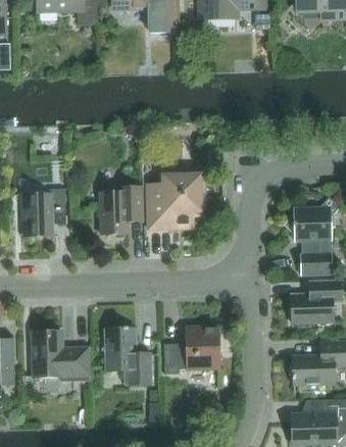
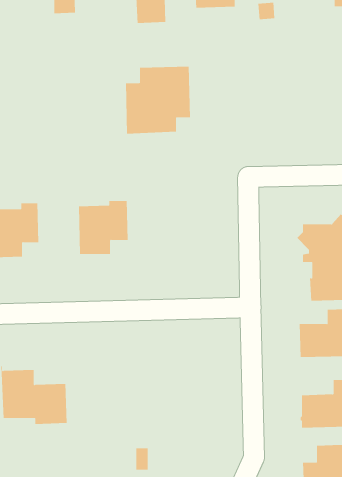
building: [147,170,204,230] -> [125,66,191,134]
building: [163,326,219,375] -> none
building: [101,327,151,385] -> none

